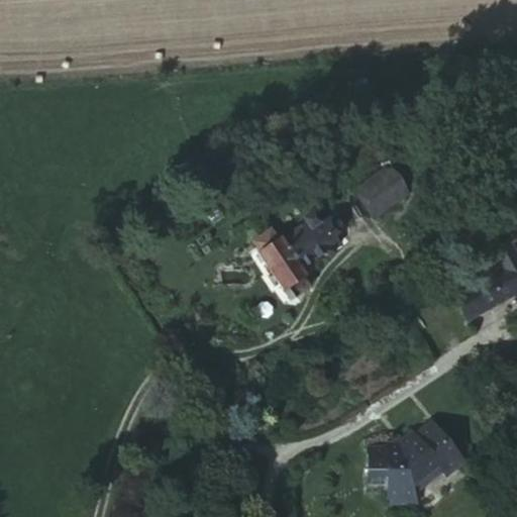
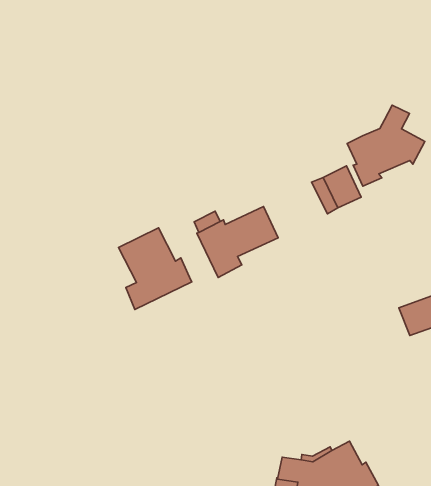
building: none -> [347,105,425,186]
building: none -> [119,228,192,309]

